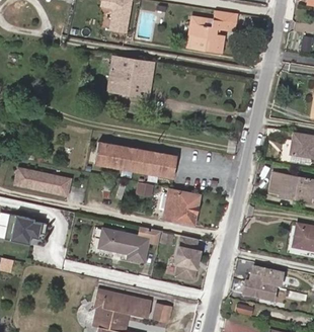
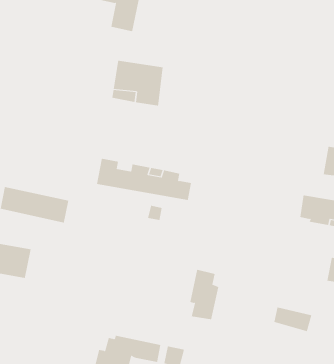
building: [191,11,241,54] -> none
building: [165,189,200,225] -> none
building: [99,226,161,263] -> none
building: [240,281,273,303] -> none

